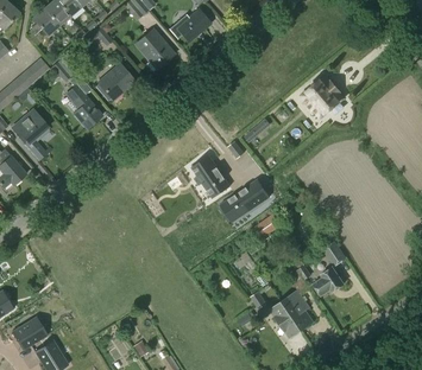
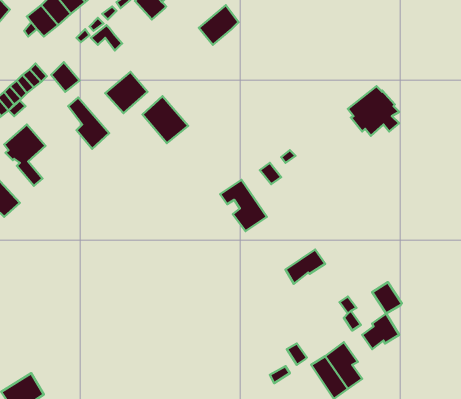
building: [136,28,174,68] -> [143,96,188,143]
building: [223,181,267,221] -> none

